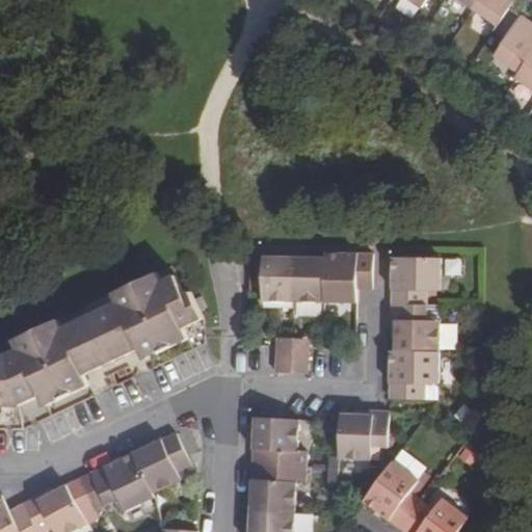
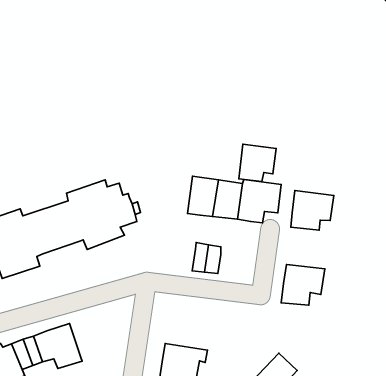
building: none -> [239,144,276,181]
building: [390,303,437,350] -> none
building: [339,408,390,459] -> none
building: [251,416,304,467] -> none
building: [131,433,188,494] -> none

